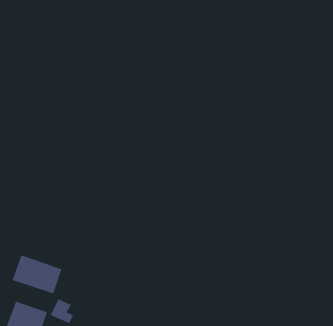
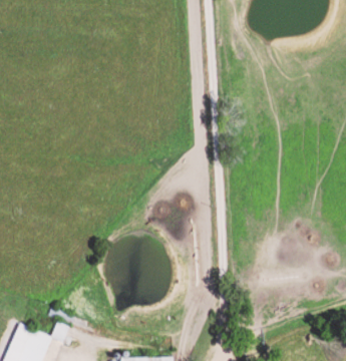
building: [12,254,62,294] -> none

